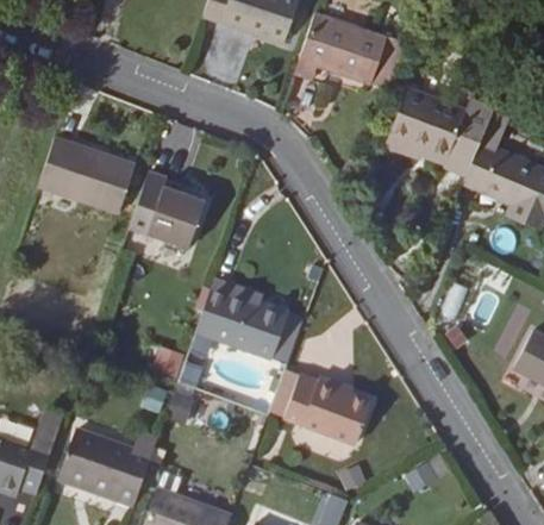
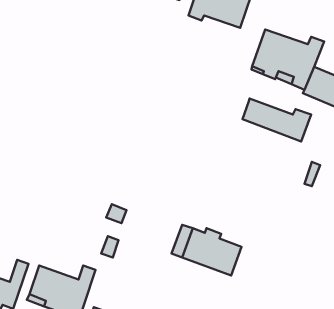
building: [33,137,129,213] -> none
building: [125,174,200,248] -> none
building: none -> [242,98,311,141]
building: [190,285,284,358] -> none

